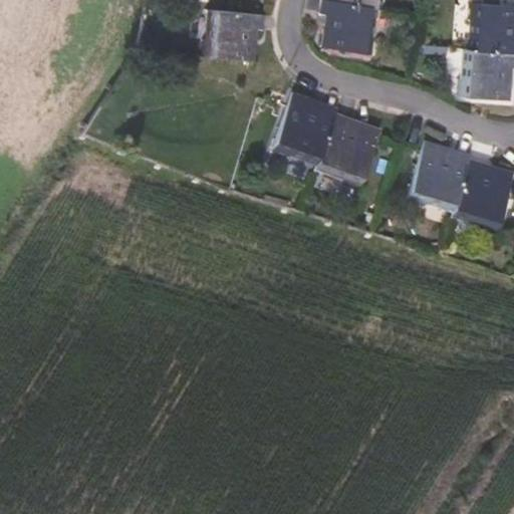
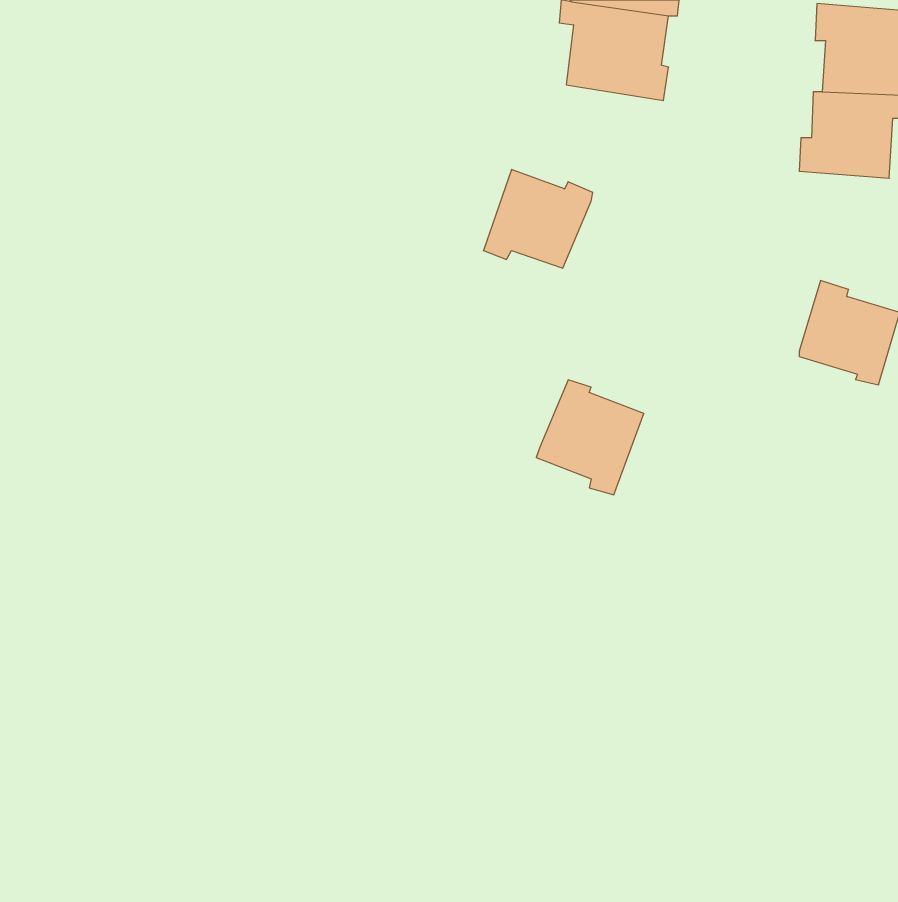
building: [204,11,265,60] -> none
building: [320,114,381,180] -> [536,380,644,495]
building: [412,146,471,200] -> none

